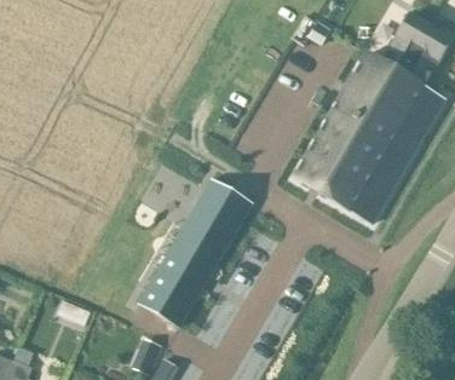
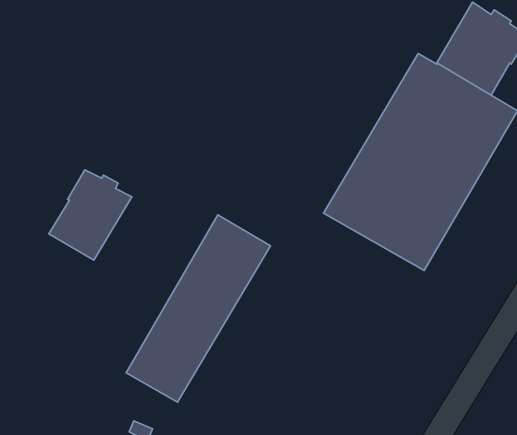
building: none -> [49,170,132,260]

